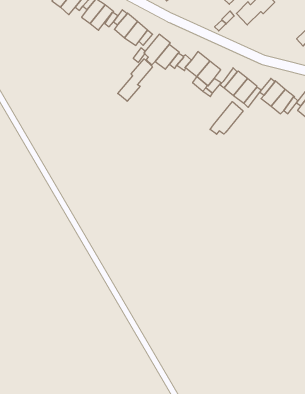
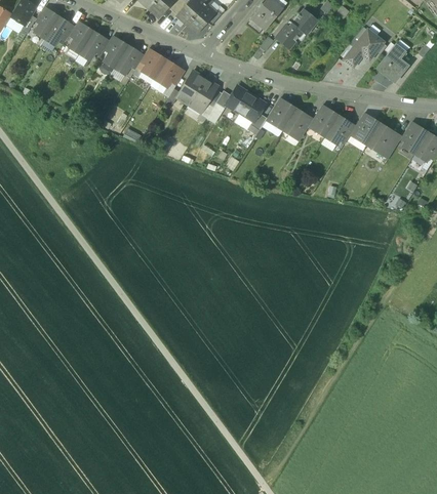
building: [118,59,152,101] -> none
building: [210,102,243,134] -> none

